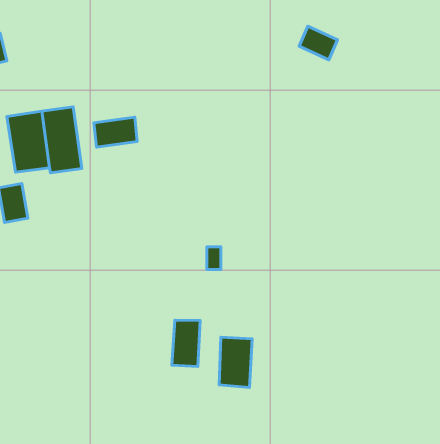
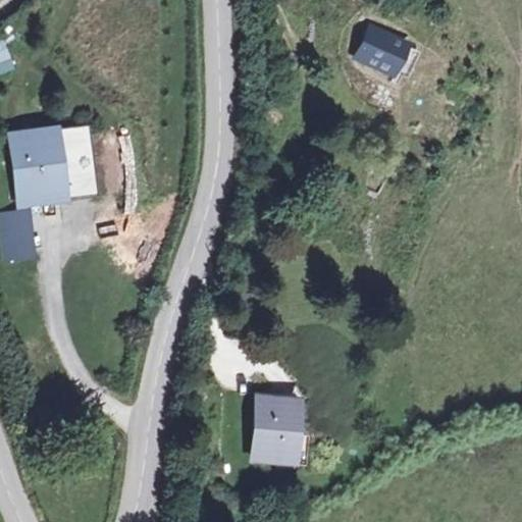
building: [94,117,137,147] -> none
building: [172,320,200,367] -> none

